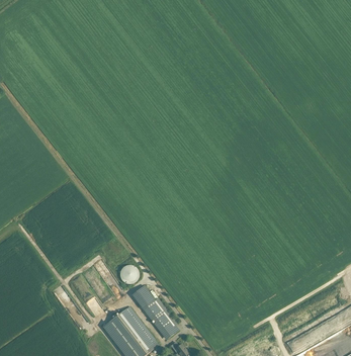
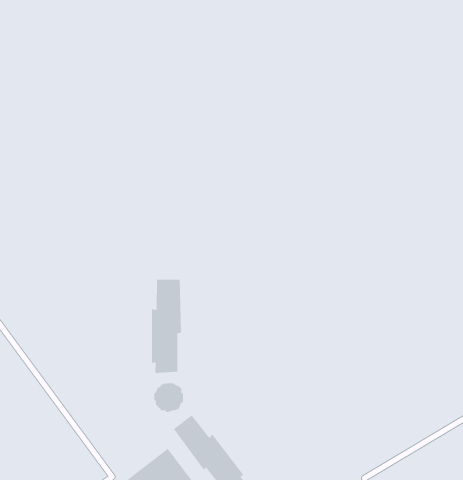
building: none -> [151,279,182,374]

